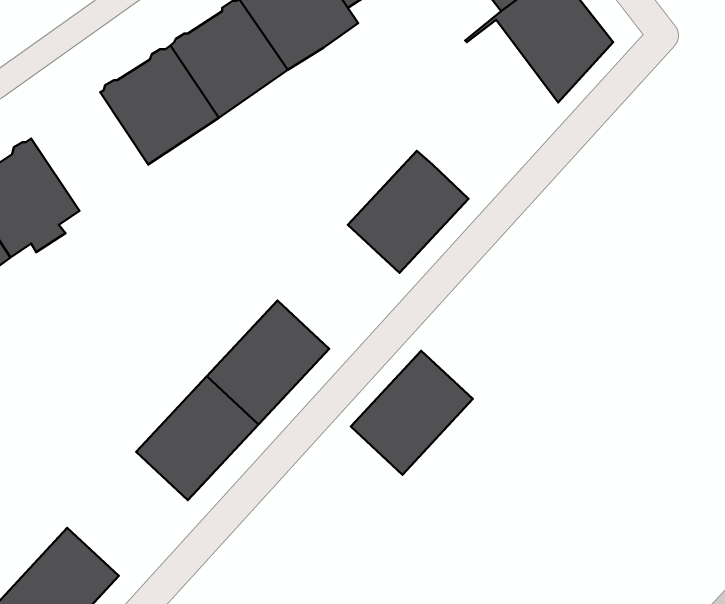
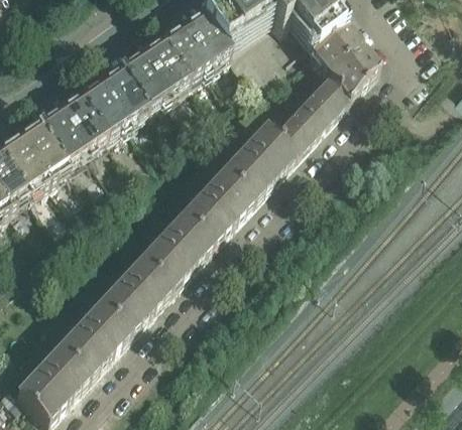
building: none -> [271,78,345,158]
building: none -> [36,96,105,165]
building: [351,351,473,475] -> [181,173,252,246]
building: none -> [57,306,128,379]

